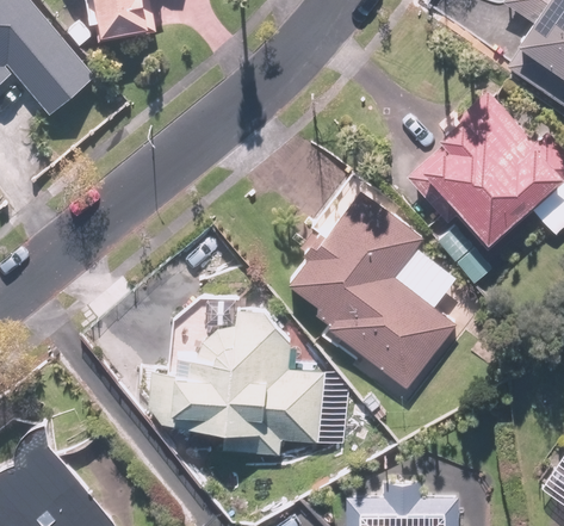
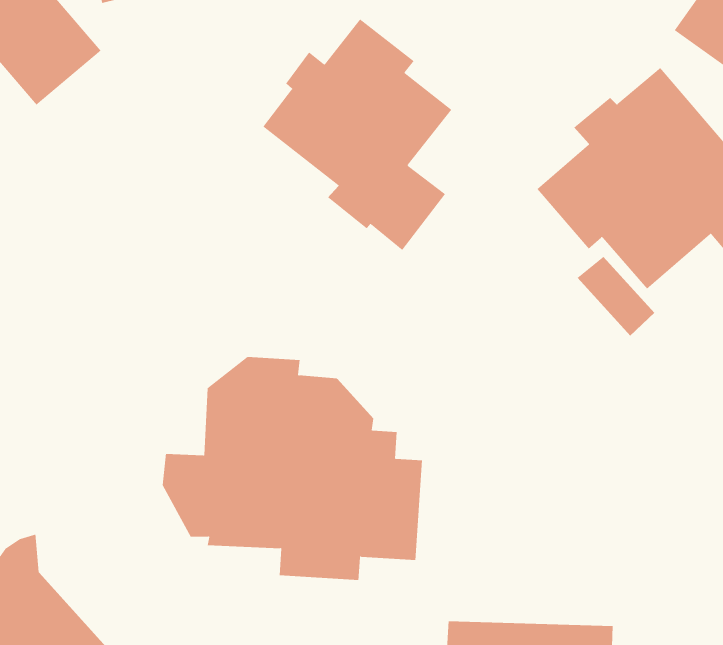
building: none -> [262,18,452,251]
building: [285,190,457,389] -> none

